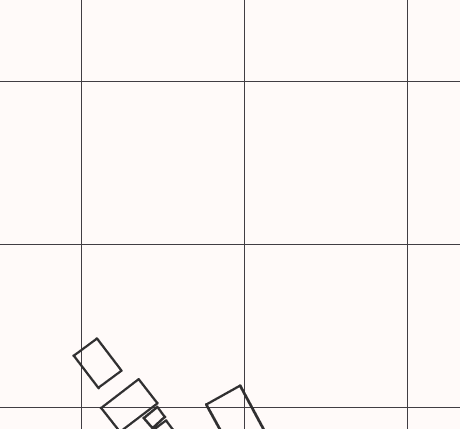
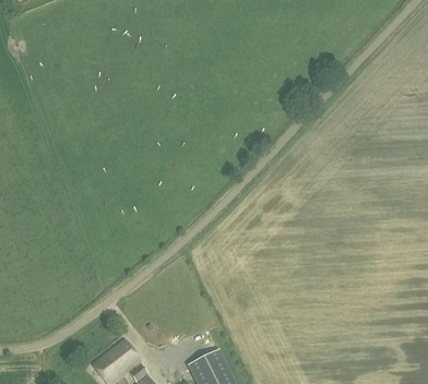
building: [74,339,121,388] -> none

